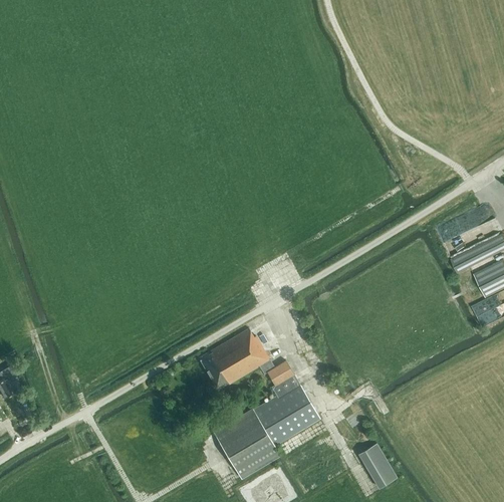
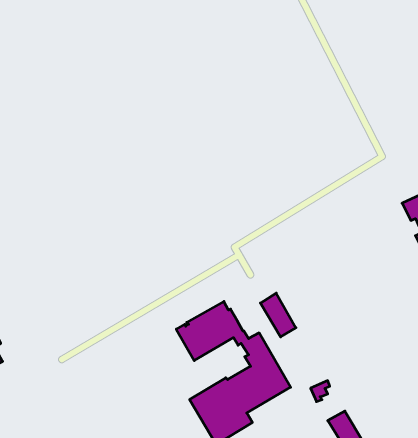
building: none -> [260,293,296,337]

